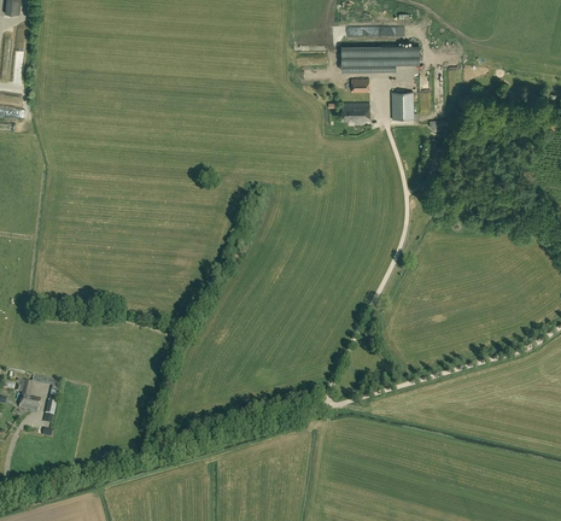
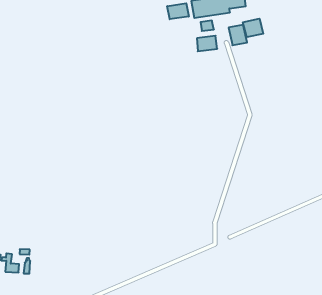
building: none -> [167,3,189,19]
building: none -> [243,19,263,37]

